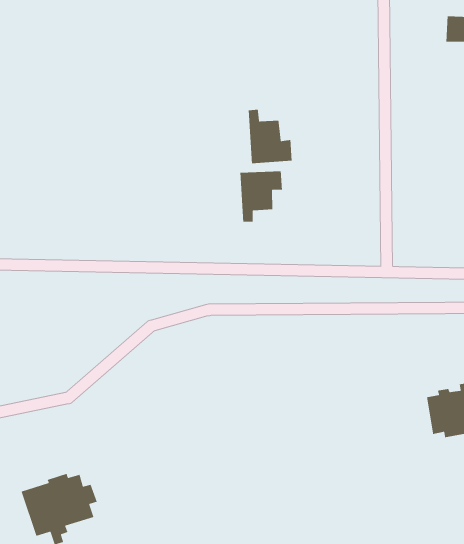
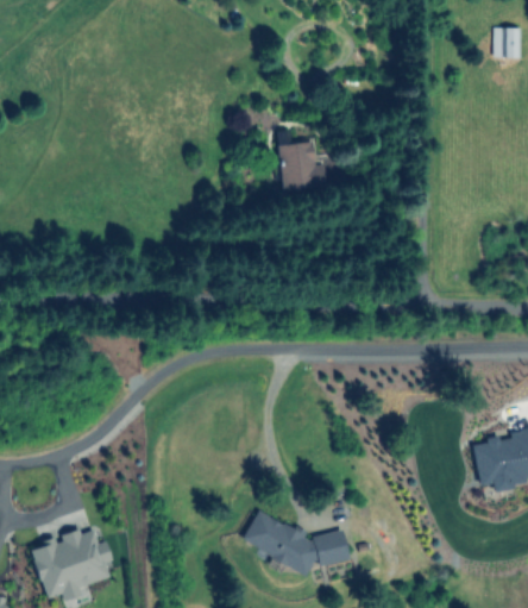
building: [240,170,283,222] -> none
building: none -> [241,509,350,575]

